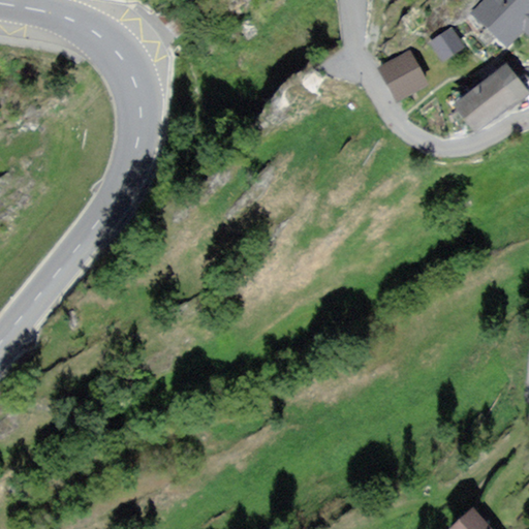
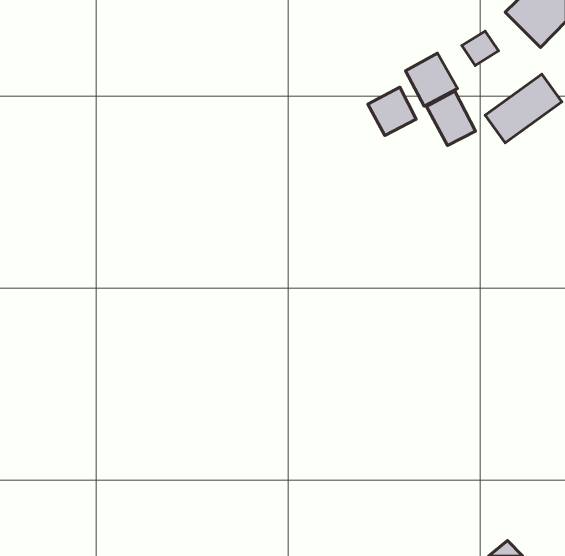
building: none -> [368,87,416,136]
building: none -> [427,91,475,146]

